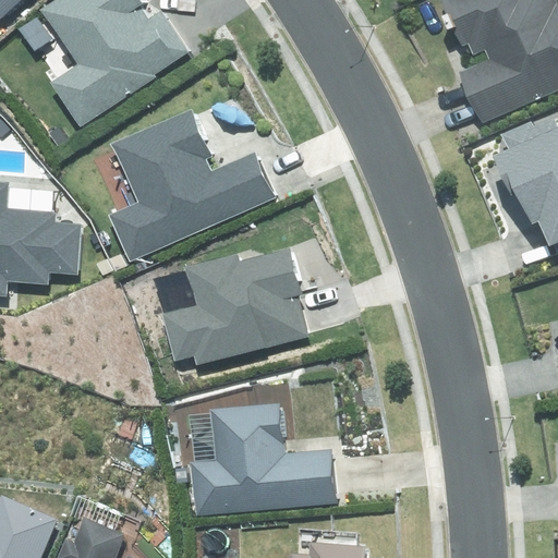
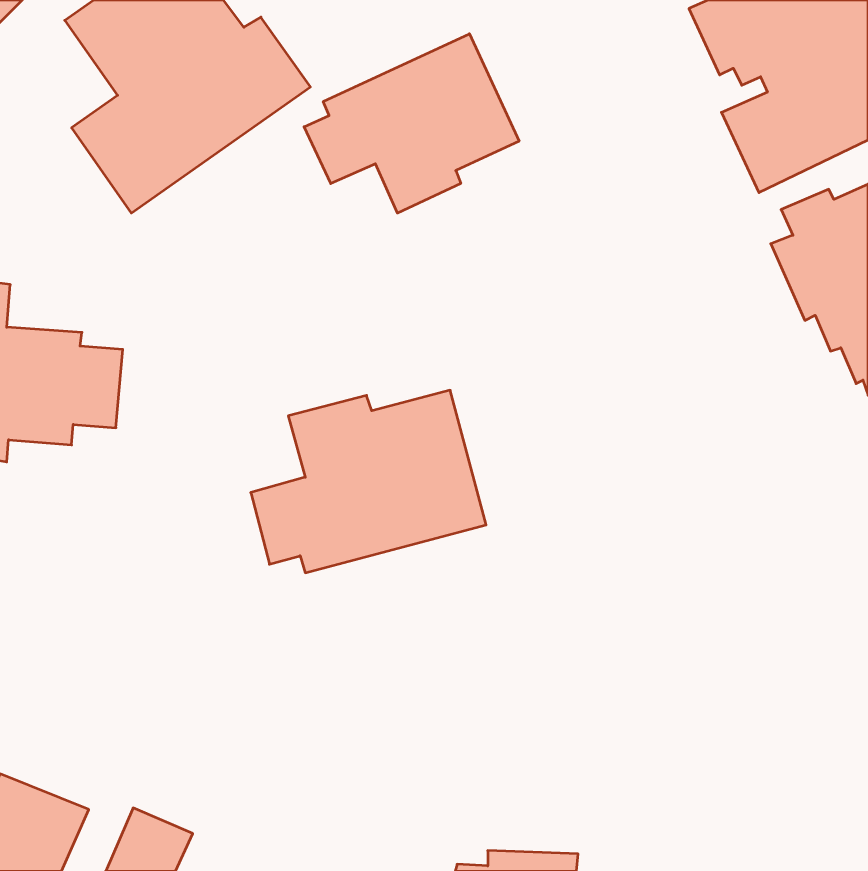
building: none -> [304,34,519,213]
building: [117,116,275,259] -> none
building: [189,403,336,517] -> none

